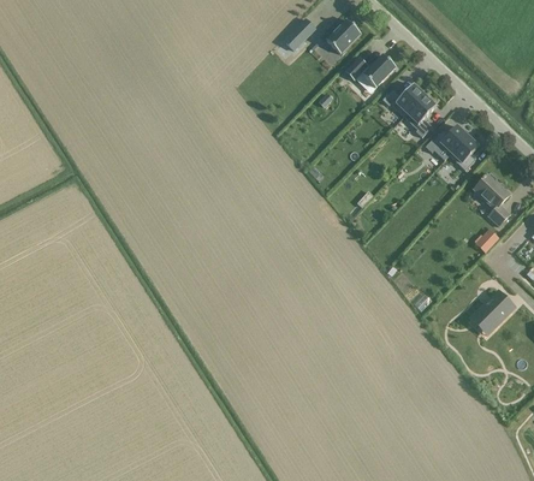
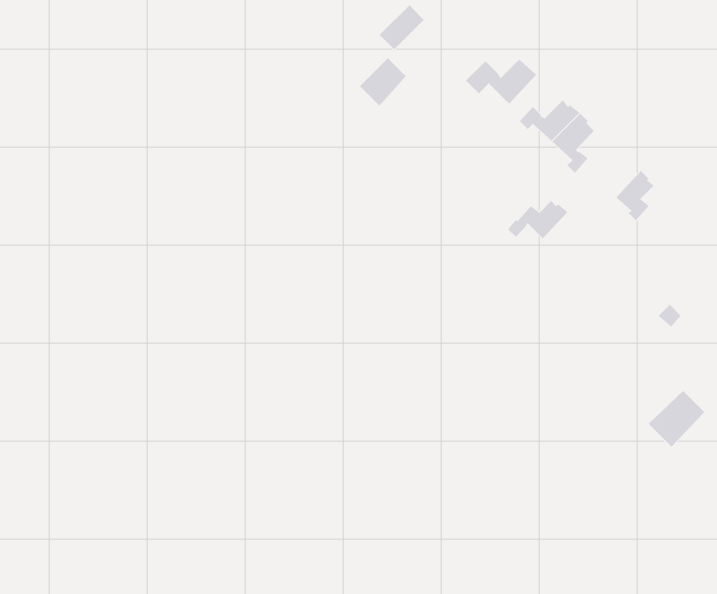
building: [325,19,358,54] -> [359,58,407,107]
building: [425,126,468,154] -> [507,200,568,239]
building: [473,174,509,225] -> none

